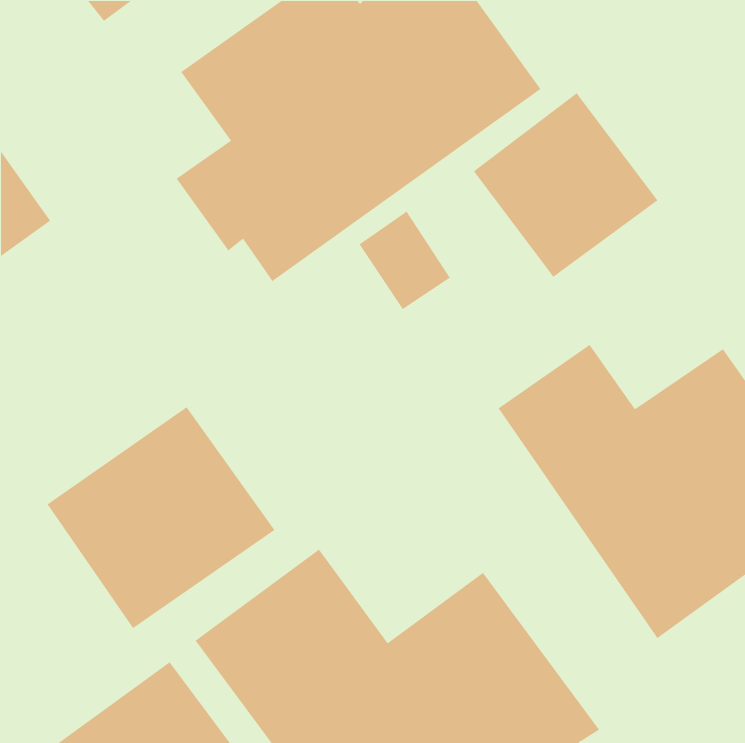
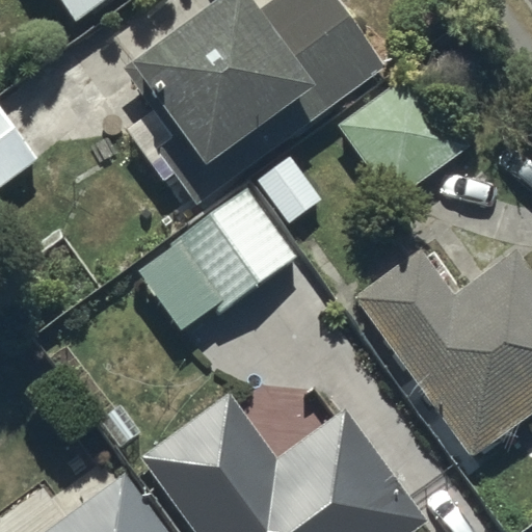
building: none -> [138,185,296,329]
building: [46,406,276,629] -> none

